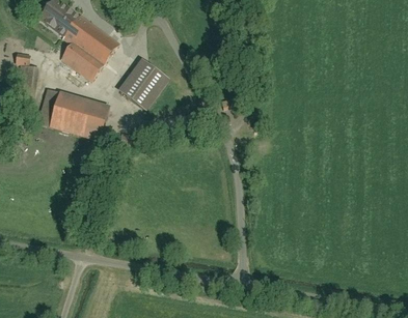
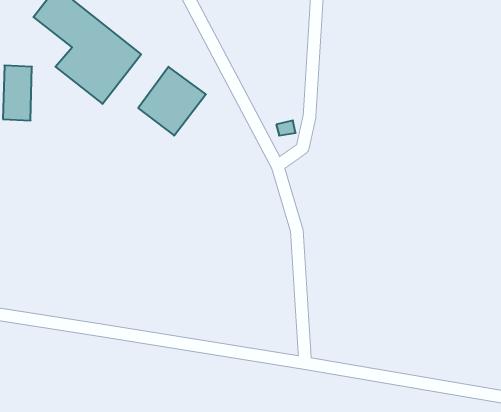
building: [36,87,108,140] -> none

